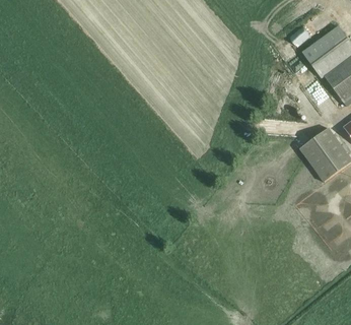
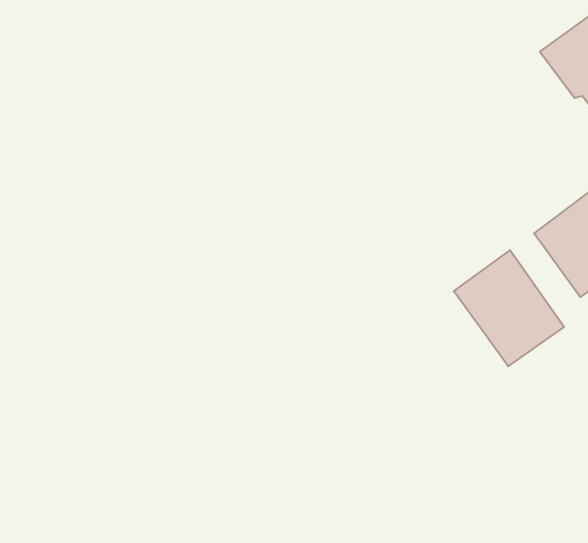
building: none -> [454,250,564,366]

